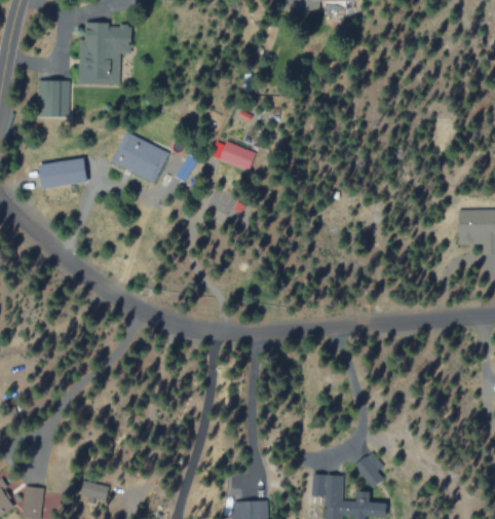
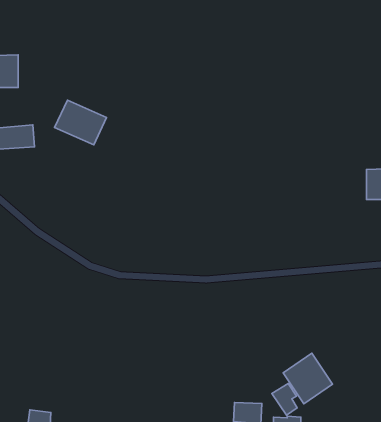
building: [79,25,131,85] -> none
building: [212,141,255,171] -> none
building: none -> [283,353,332,404]

